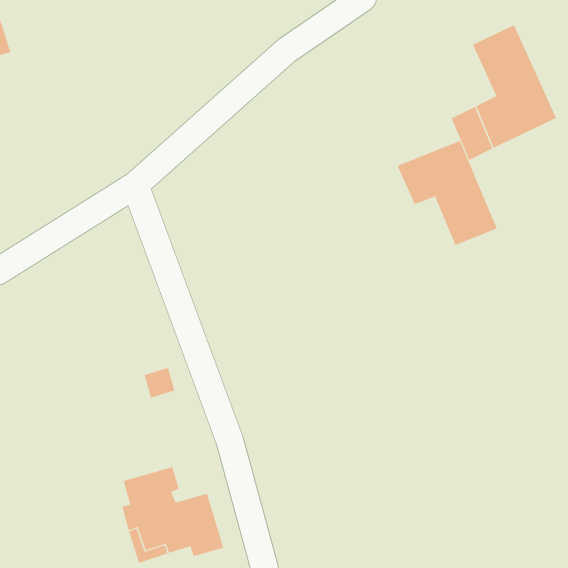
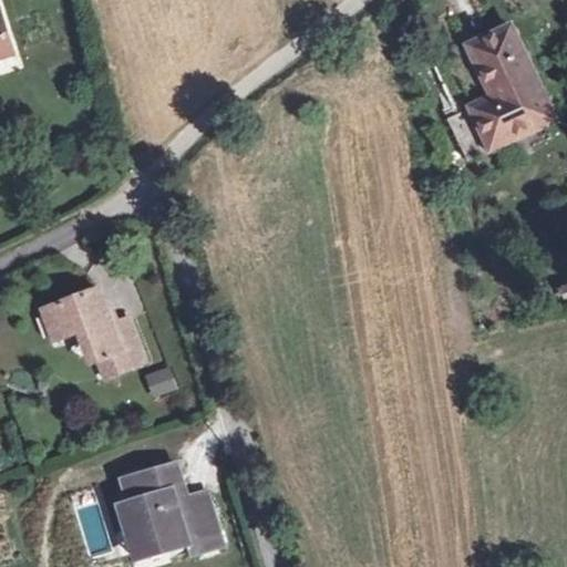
building: [397,140,497,246] -> none
building: none -> [44,289,143,372]

